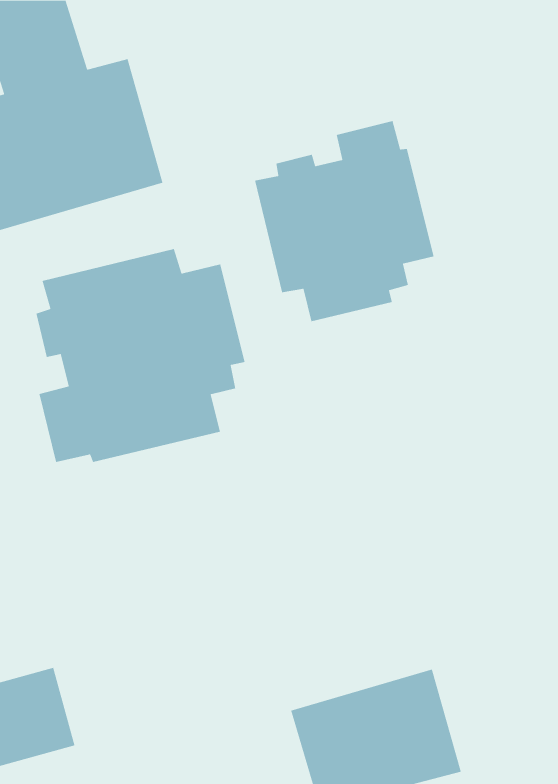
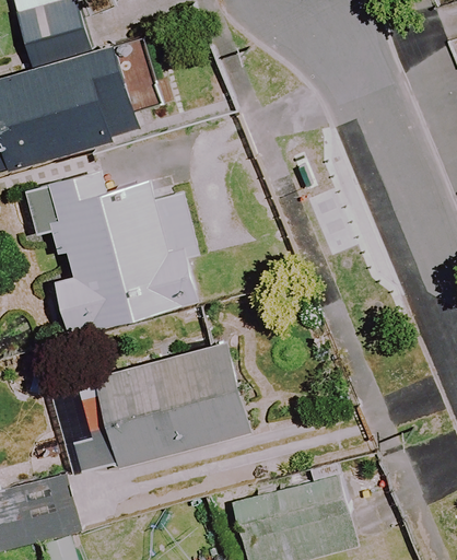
building: [254,120,434,322] -> none
building: none -> [58,341,251,477]

